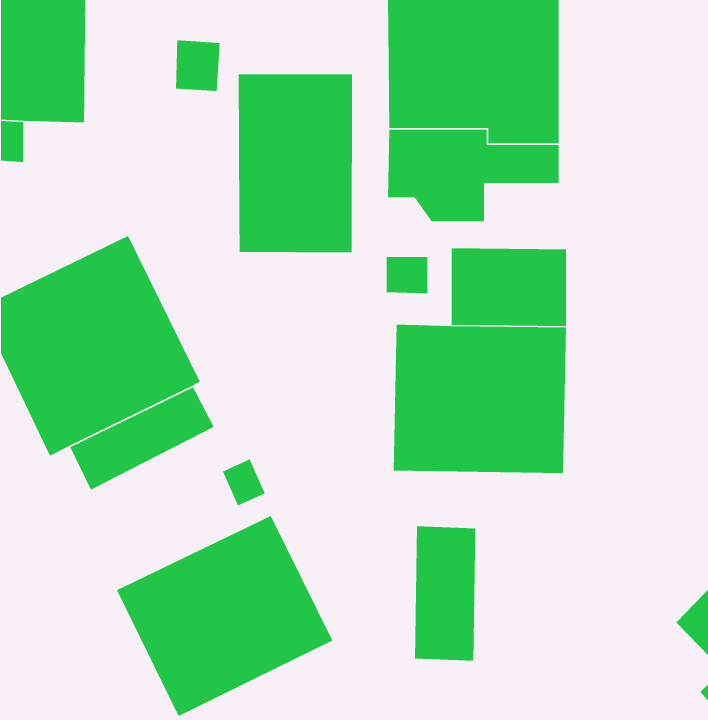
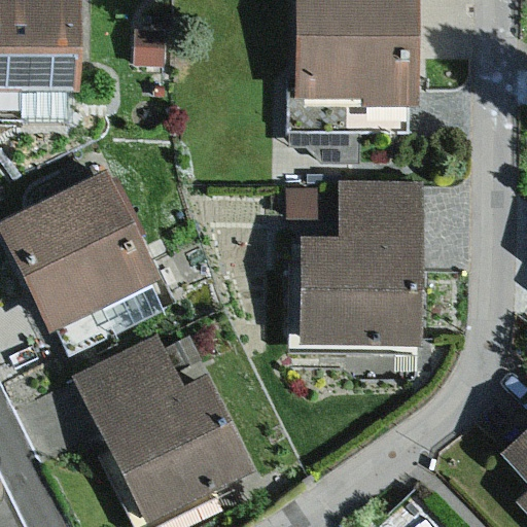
building: [238,74,353,253] -> none
building: none -> [70,335,184,429]
building: [414,526,476,661] -> none

